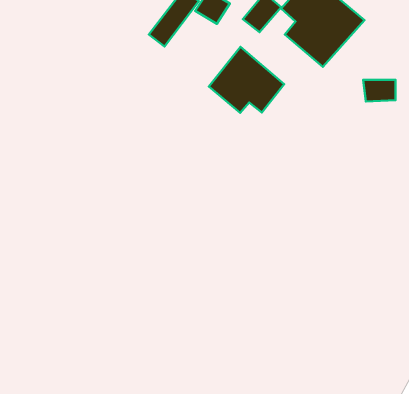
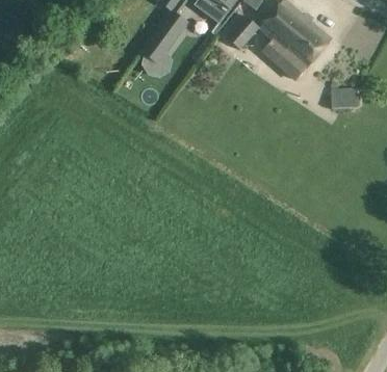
building: [209,47,284,113] -> none

